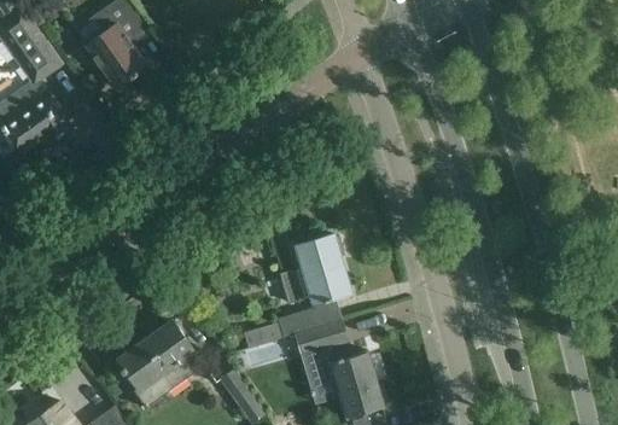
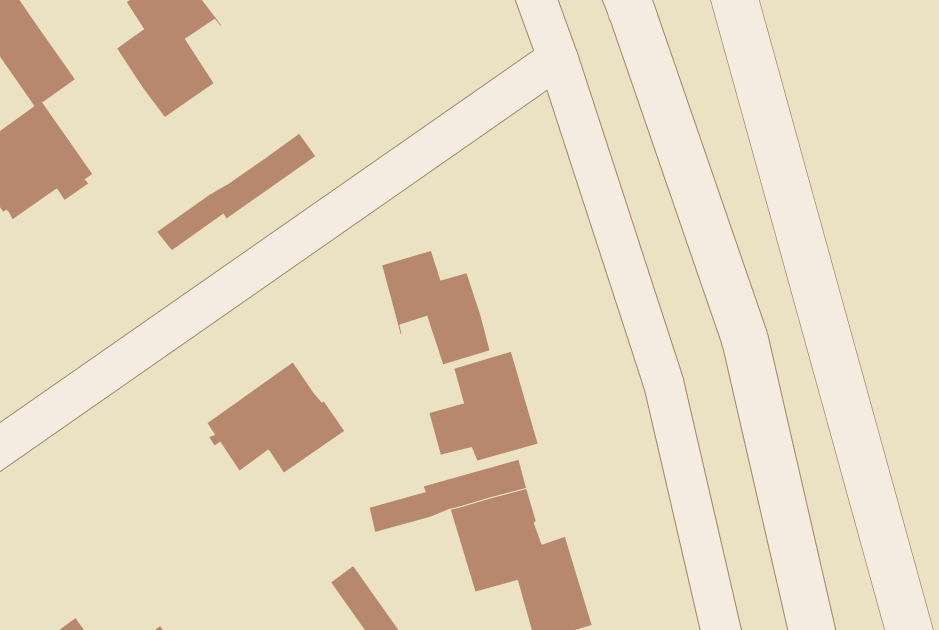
building: none -> [156,133,316,251]
building: none -> [381,250,490,365]
building: [118,321,205,391] -> [206,361,345,473]

